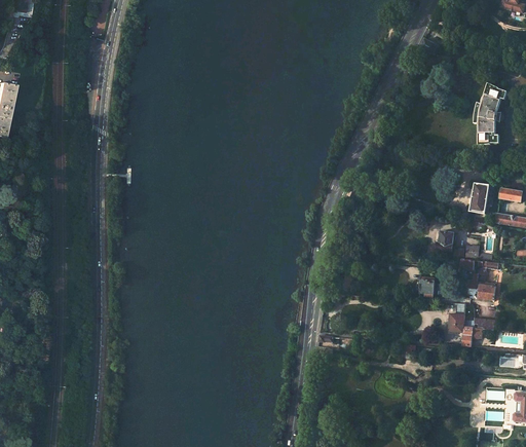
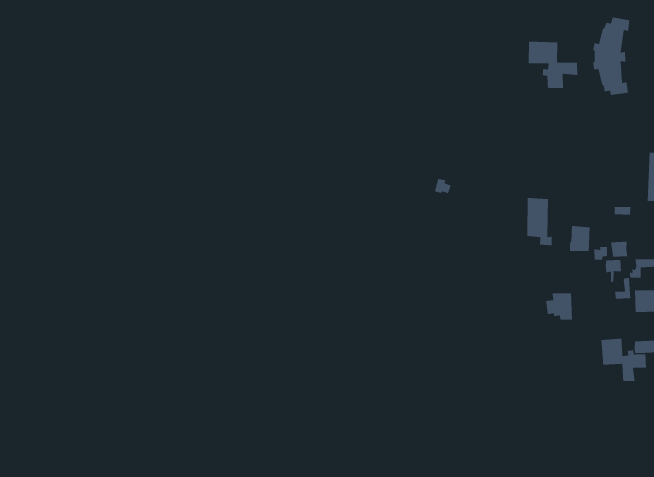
building: none -> [528,41,578,89]
building: [469,182,489,219] -> [526,197,553,246]

